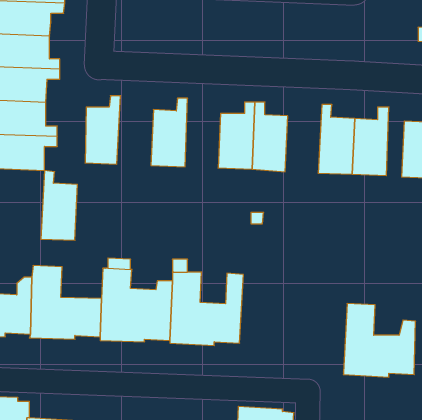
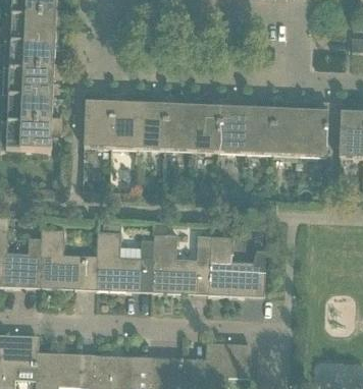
building: none -> [164,95,193,151]
building: none -> [245,100,274,155]
building: [41,171,77,240] -> [109,93,139,149]
building: [343,304,416,377] -> [208,236,266,295]

